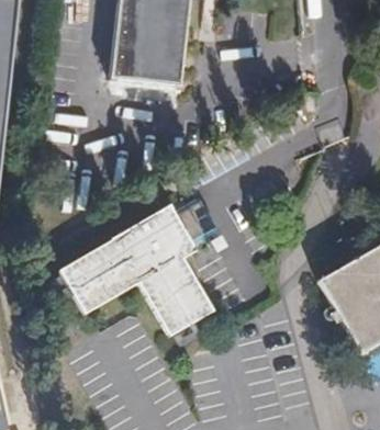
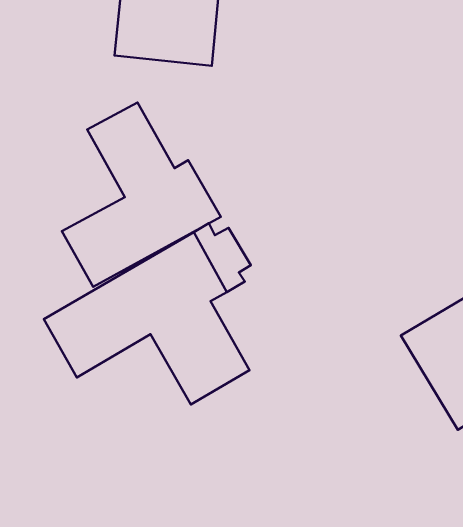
building: none -> [62,102,221,287]

